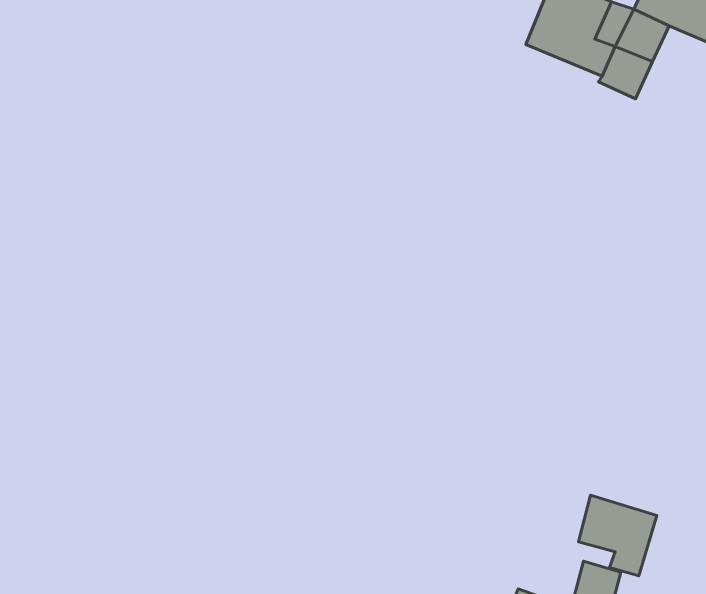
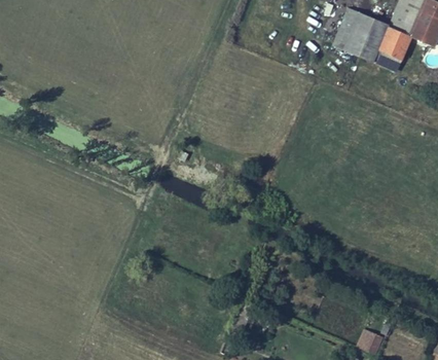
building: [578,495,657,576] -> none

